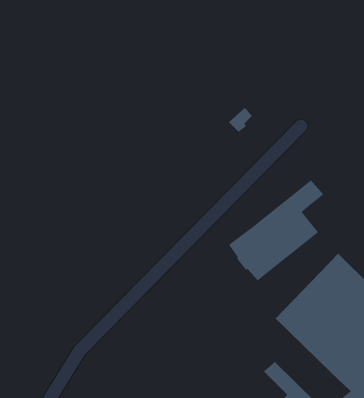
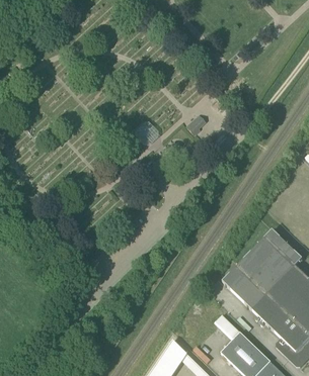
building: [228,180,324,281] -> none

